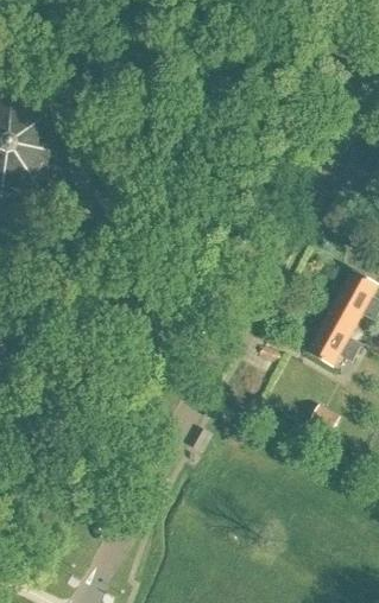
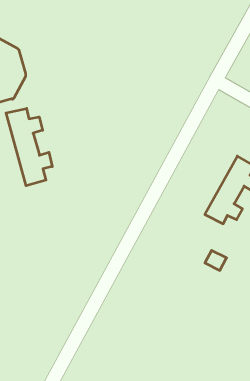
building: none -> [6,108,52,186]

